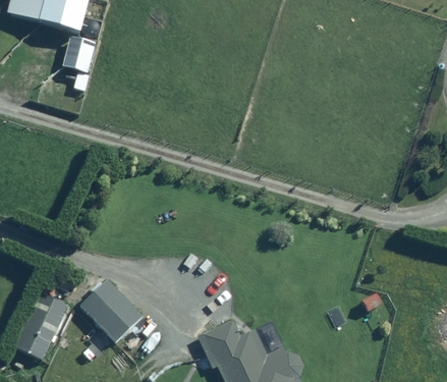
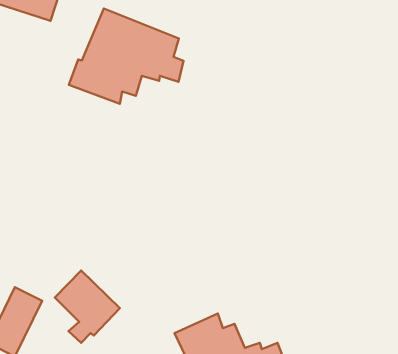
building: none -> [69,9,183,104]
building: [62,35,99,74] -> none

